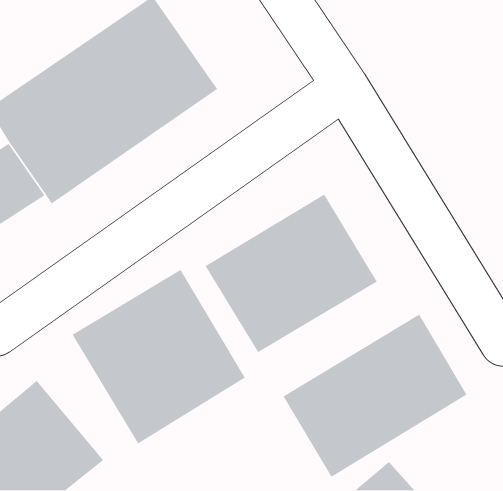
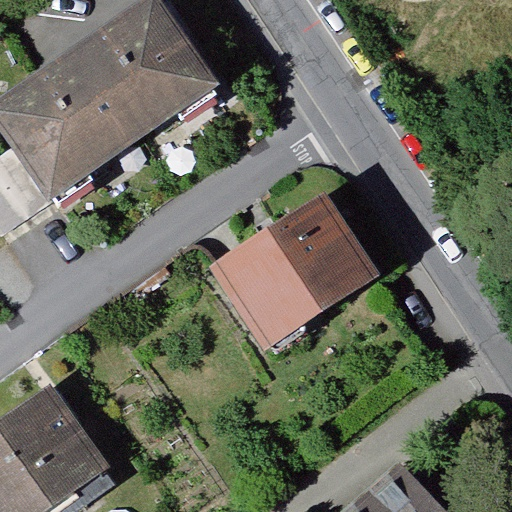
building: [72,269,246,444] -> none
building: [282,313,467,478] -> none

